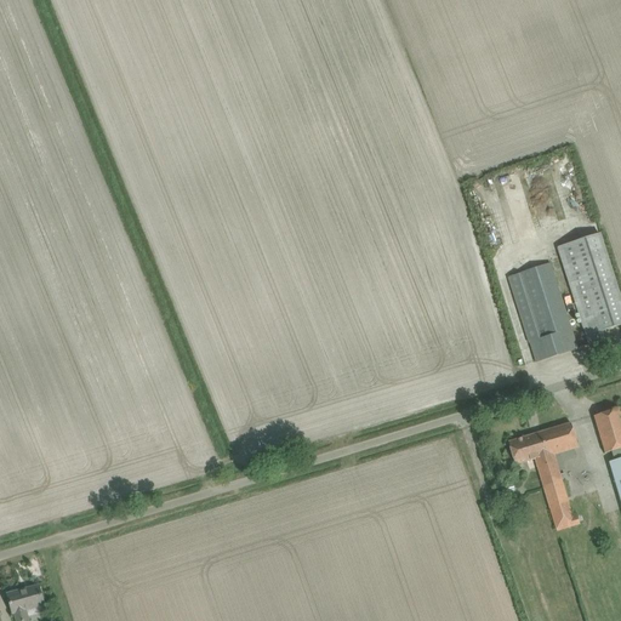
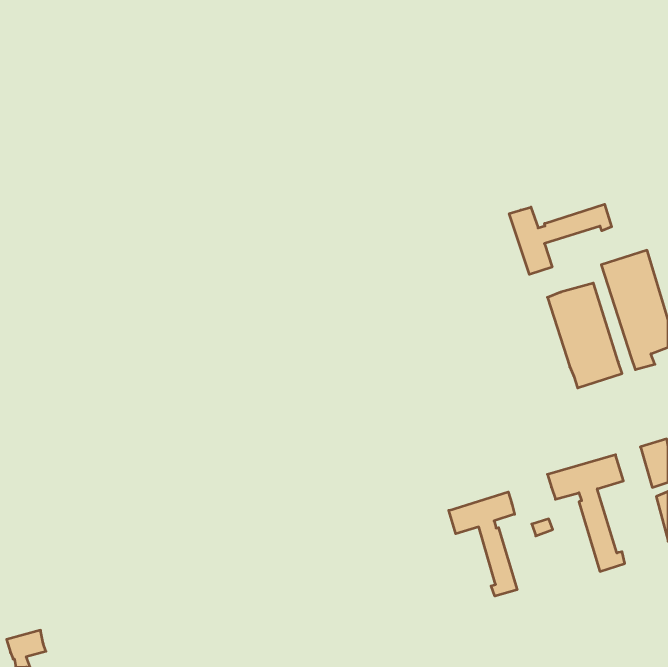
building: none -> [509,204,612,274]
building: none -> [449,492,517,596]

